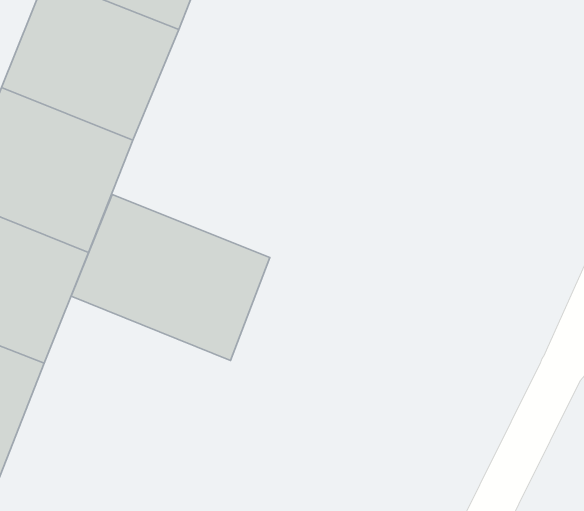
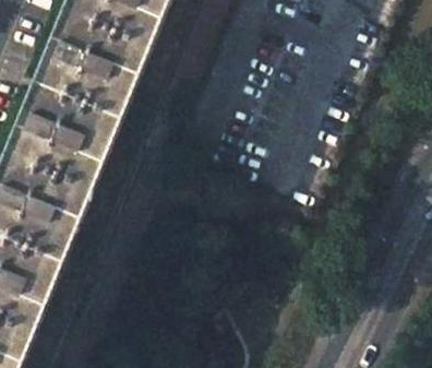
building: [71,194,270,361] -> none

